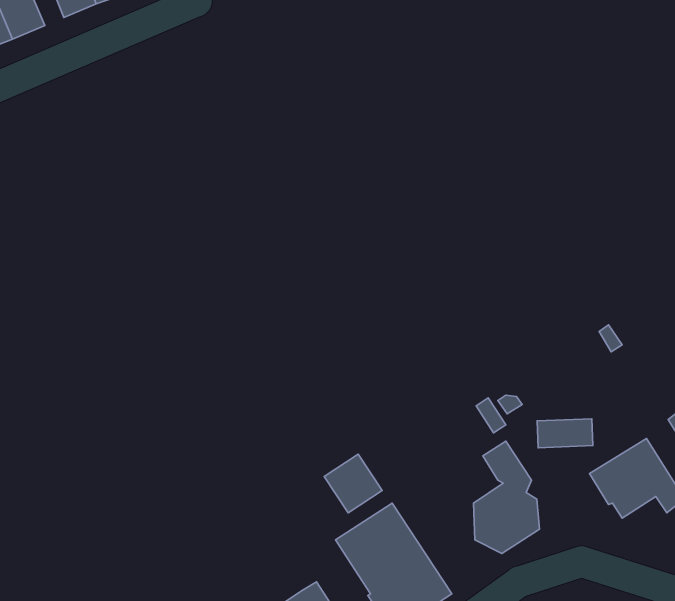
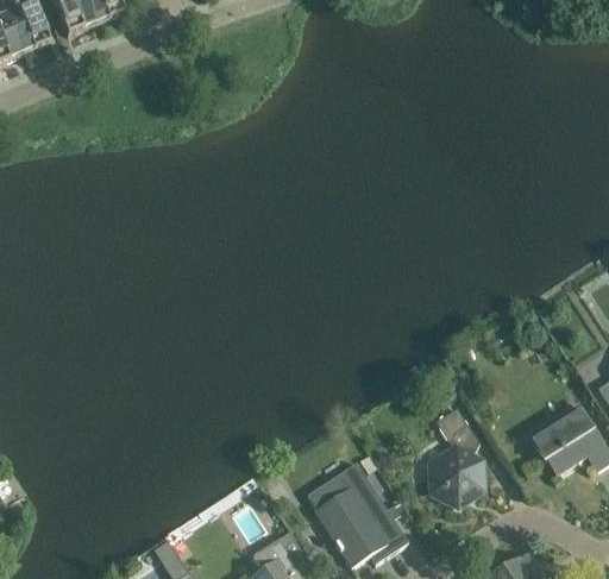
building: [537,419,593,448] -> none
building: [324,454,382,513] -> none

